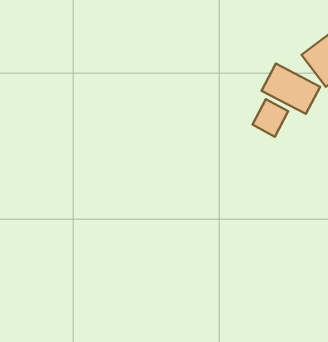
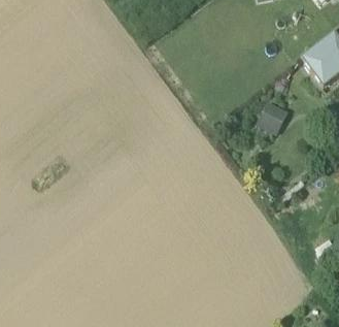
building: [261,64,320,114] -> none

